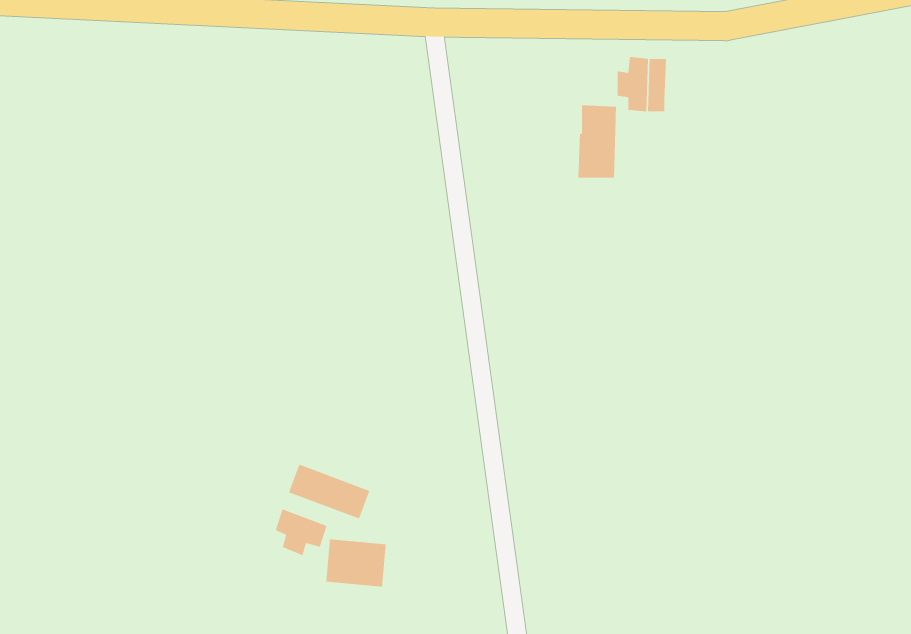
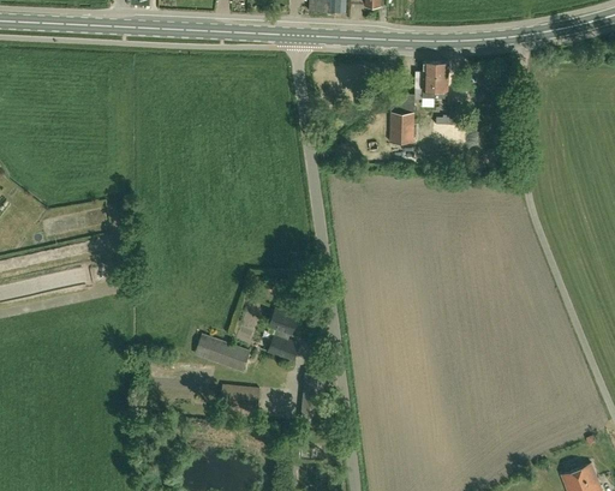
building: none -> [269,307,300,360]
building: [275,509,327,556] -> none

